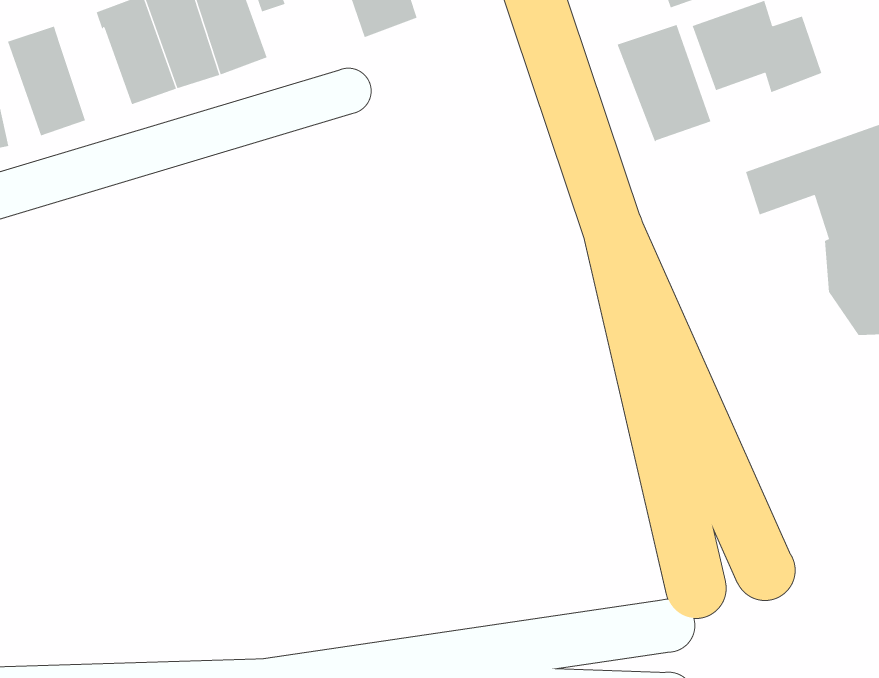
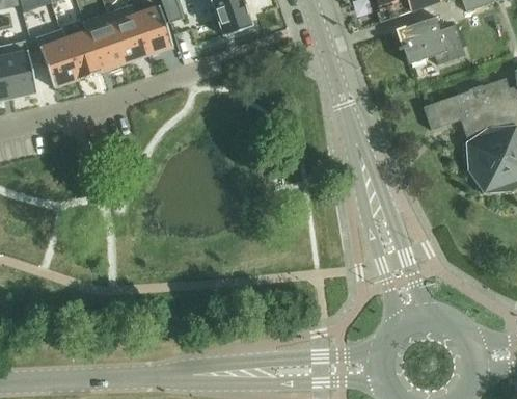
building: [617,24,711,143] -> none
building: none -> [63,30,101,79]

